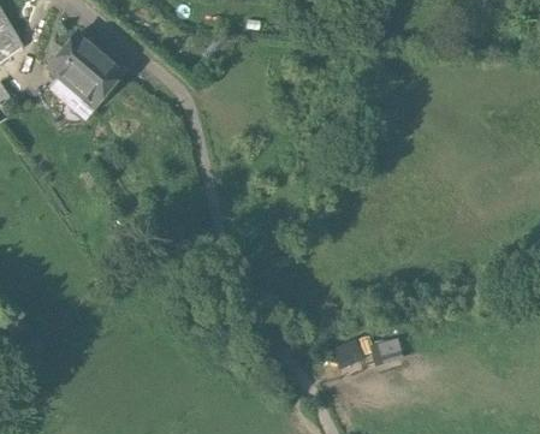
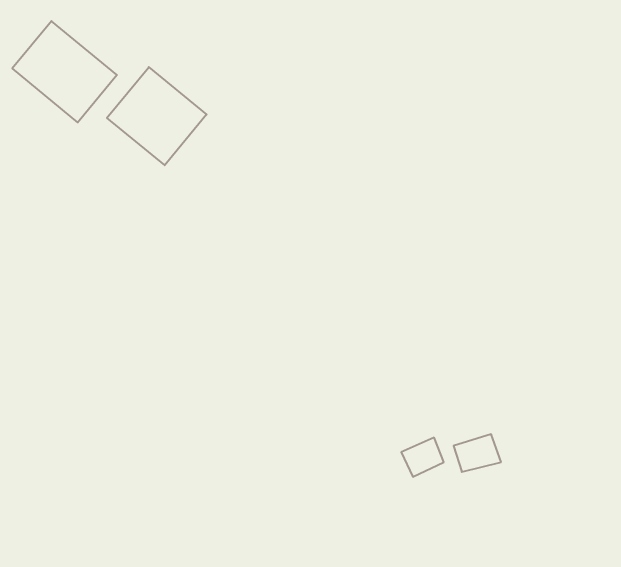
building: none -> [107,67,207,165]

